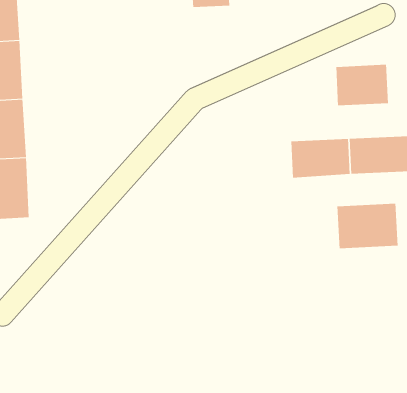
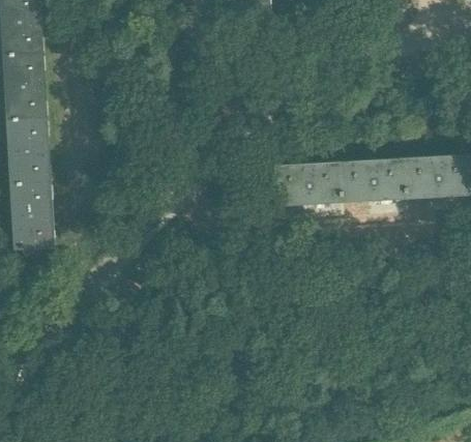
building: [336,64,388,106] -> none
building: none -> [273,161,341,205]
building: [337,203,398,249] -> none

